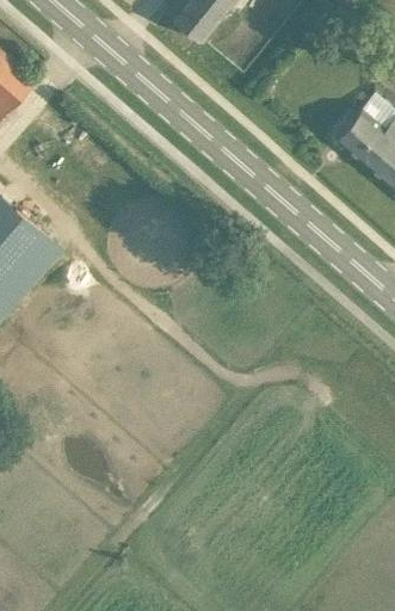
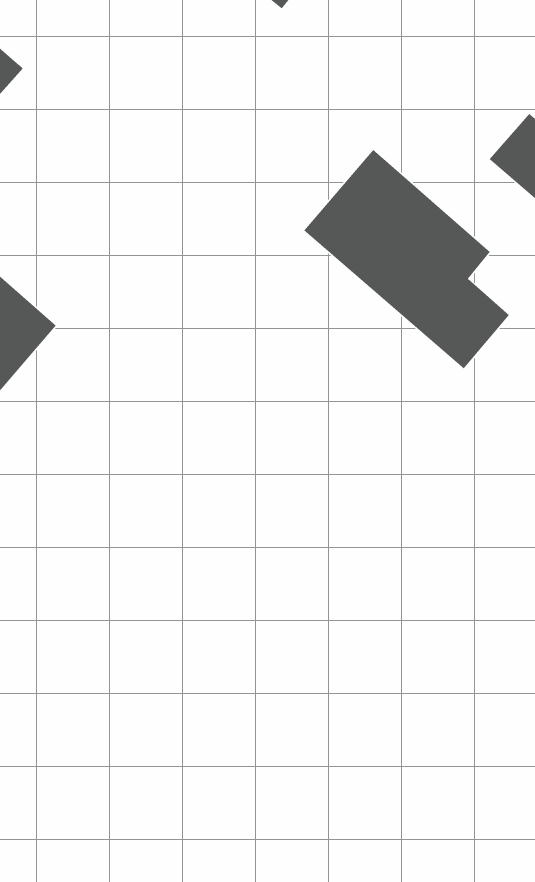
building: none -> [303,149,510,369]

